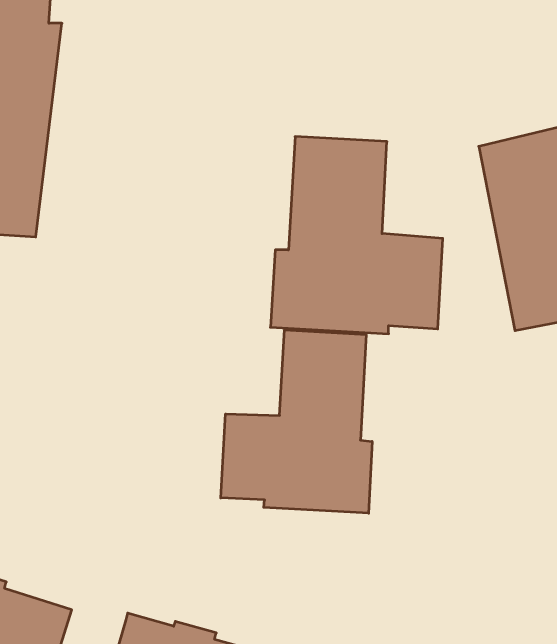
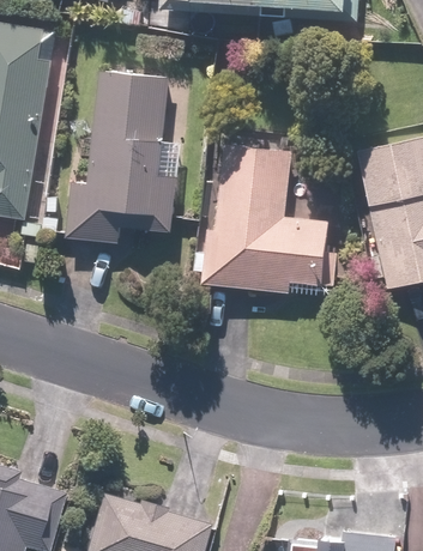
building: none -> [65,71,177,242]
building: [221,330,372,513] -> none

